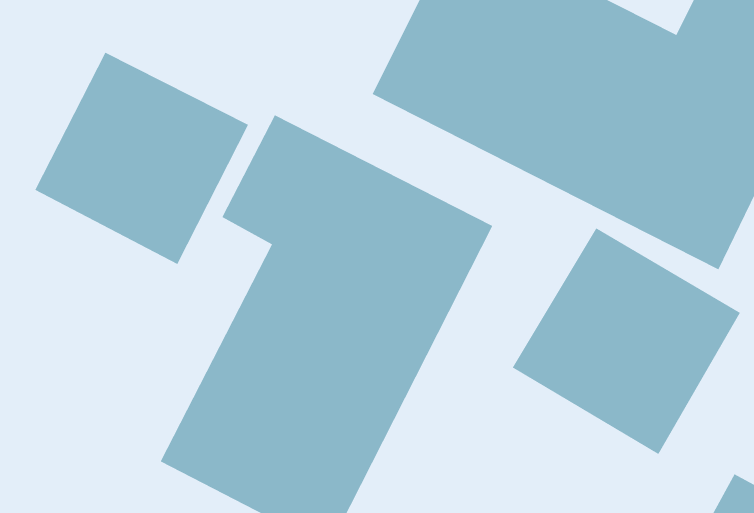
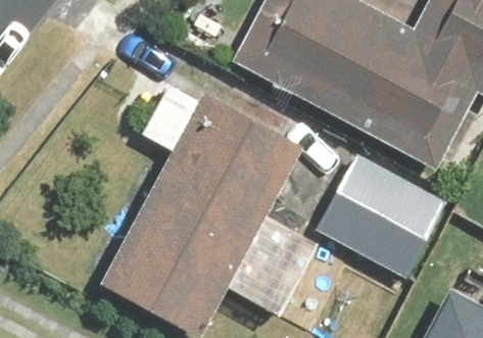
building: [34,52,249,265] -> none

